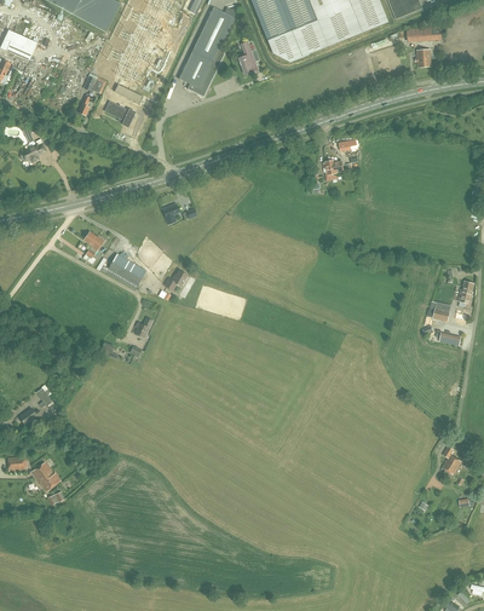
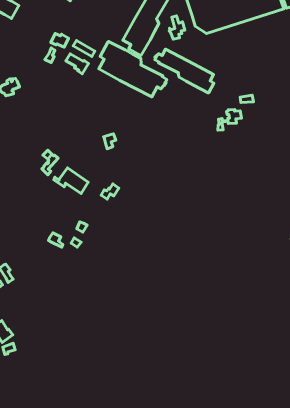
building: none -> [99,42,167,97]
building: none -> [155,49,214,93]

